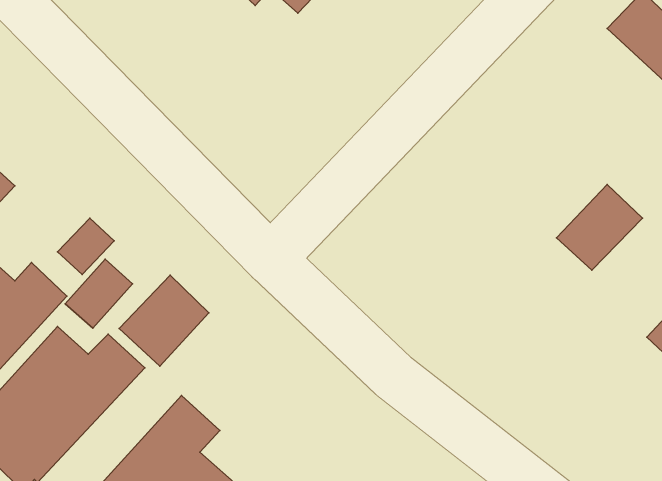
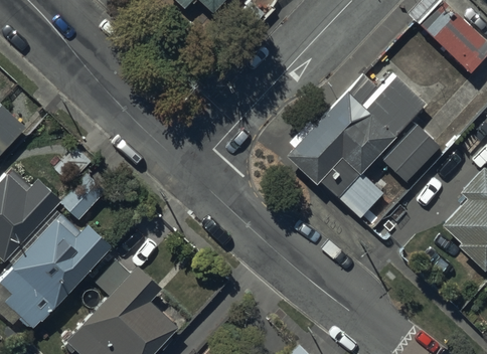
building: none -> [285,70,427,197]
building: [119,275,209,366] -> none

